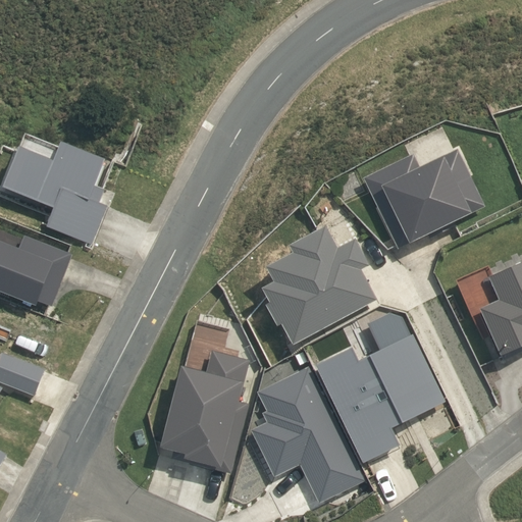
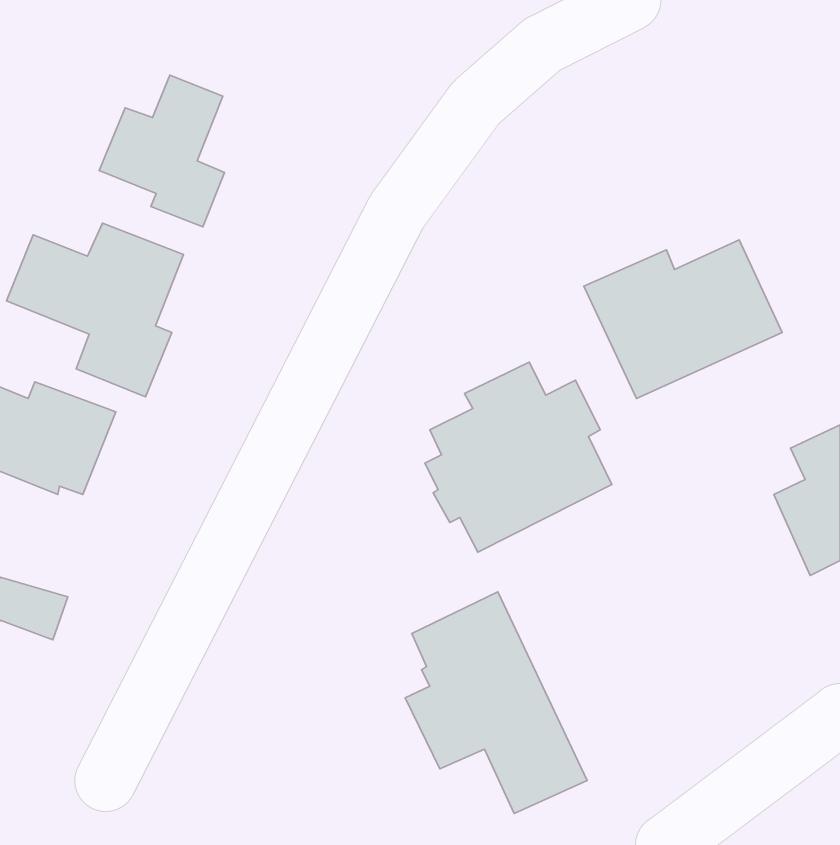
building: none -> [99,75,225,227]
building: [317,335,448,467] -> none
building: [160,352,247,471] -> none

